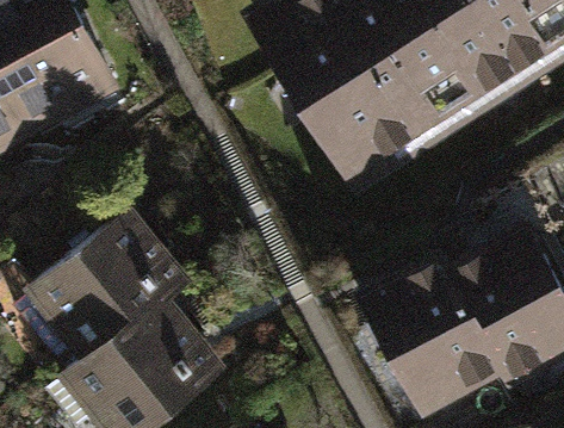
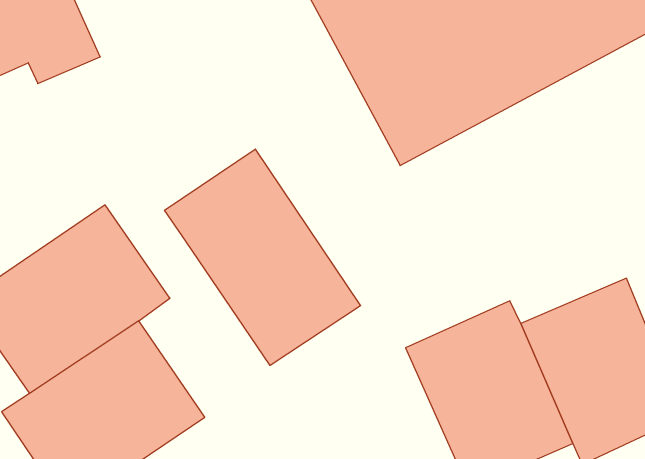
building: none -> [165,149,361,365]

